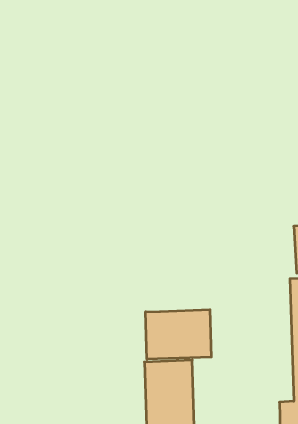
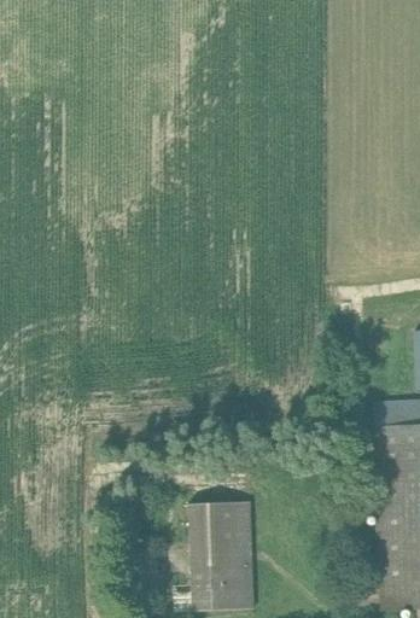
building: [146,310,211,359] -> none

